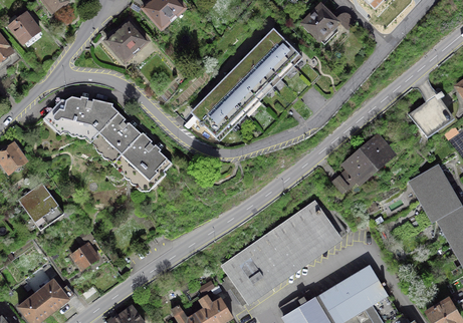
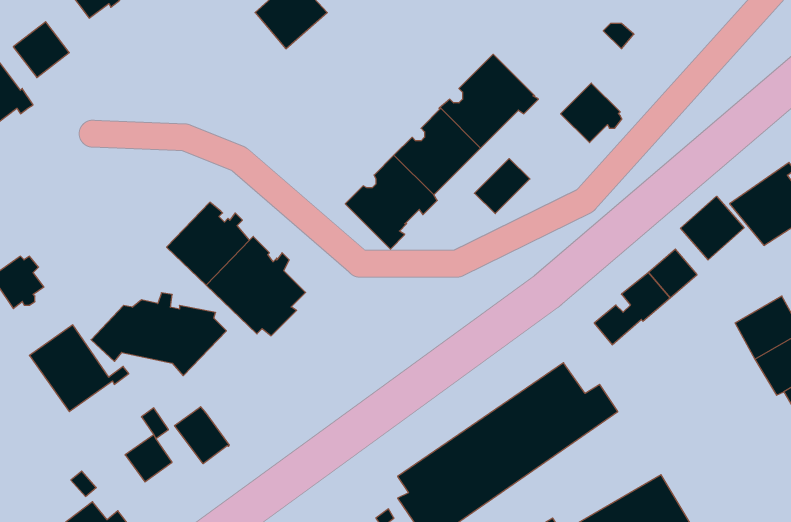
building: [303,6,337,39] -> [561,83,622,143]
building: [106,21,147,60] -> none
building: none -> [474,159,530,214]
building: [43,92,119,138] -> [91,293,226,376]
building: none -> [681,196,744,260]
building: none -> [175,407,229,464]

